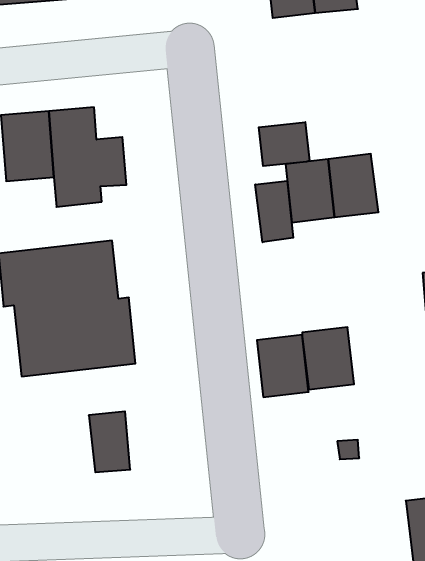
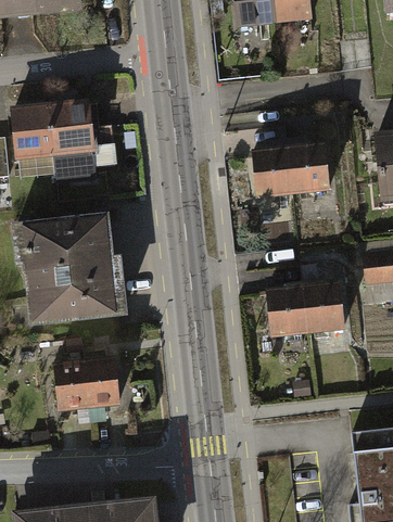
building: [259,122,310,166] -> none
building: [255,181,293,242] -> none
building: [257,335,309,397] -> [302,281,345,333]
building: none -> [54,359,90,410]

